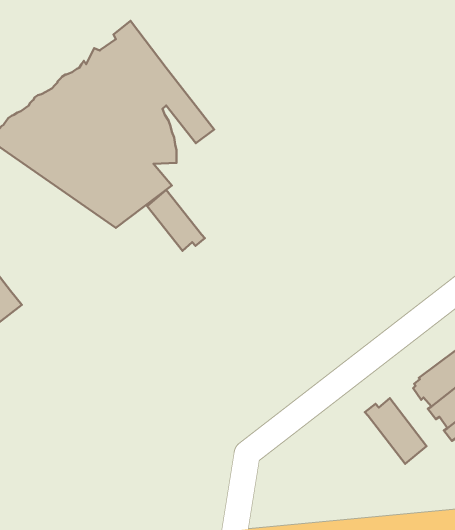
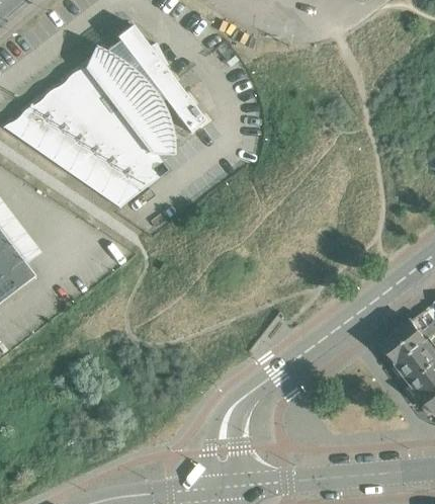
building: [147,190,205,251] -> none
building: [365,398,427,464] -> none

